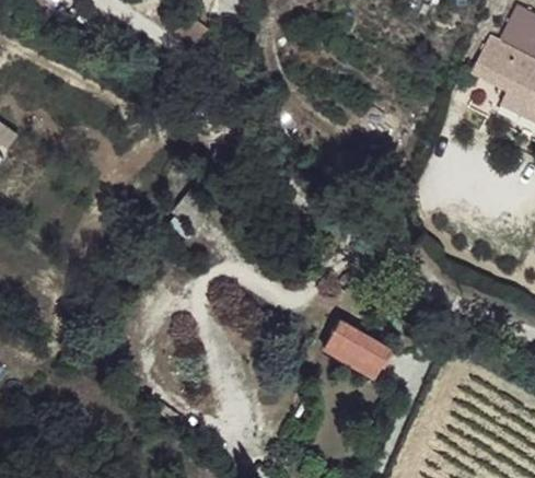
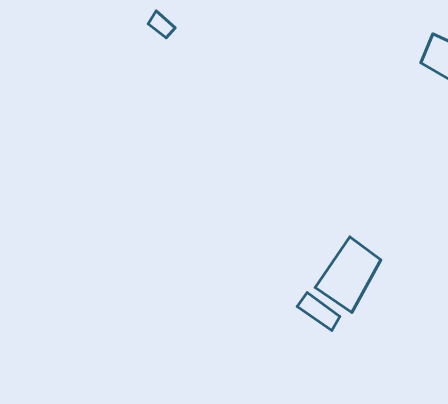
building: none -> [315,237,381,313]

